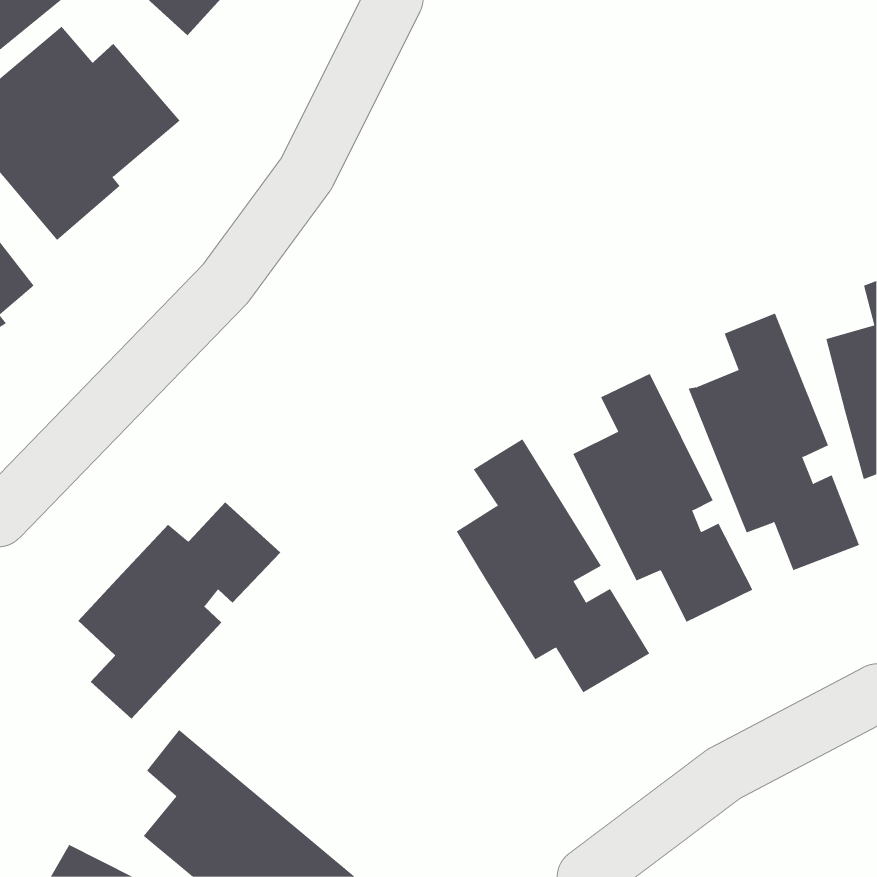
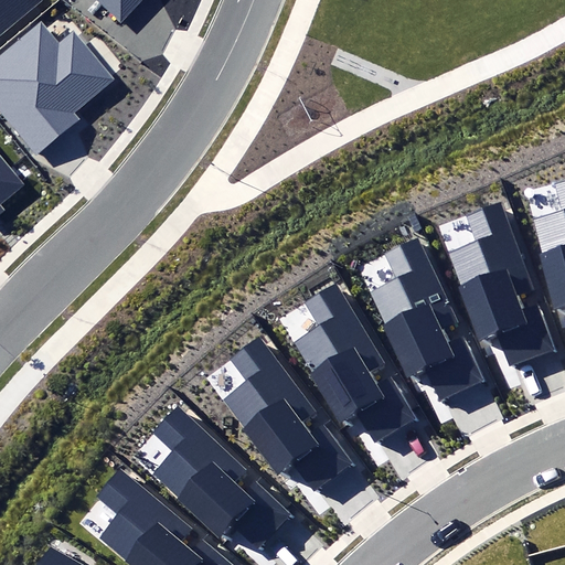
building: [77,501,281,720] -> none
building: none -> [222,337,353,491]
building: none -> [147,407,290,548]

